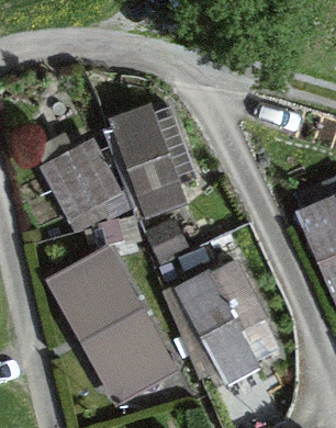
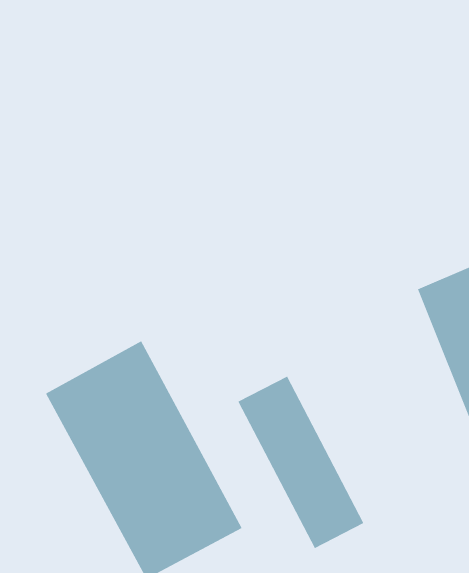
building: [110,101,188,216] -> none
building: [42,139,126,232] -> none

